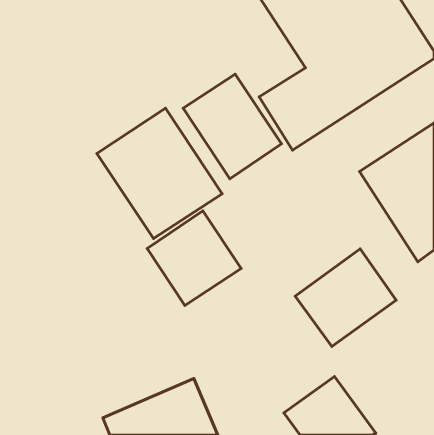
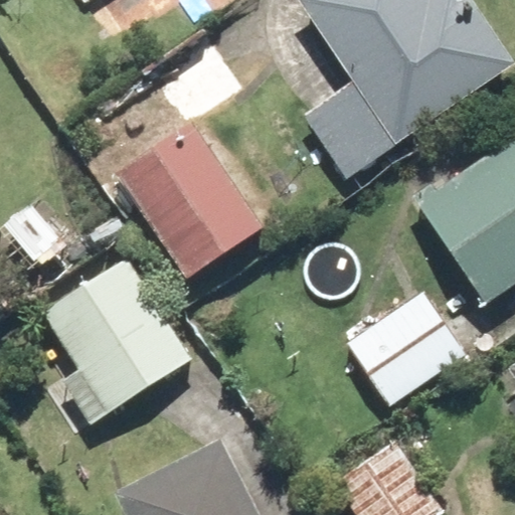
building: [183,74,281,179] -> none
building: [147,211,241,305] -> none
building: none -> [23,256,196,430]

